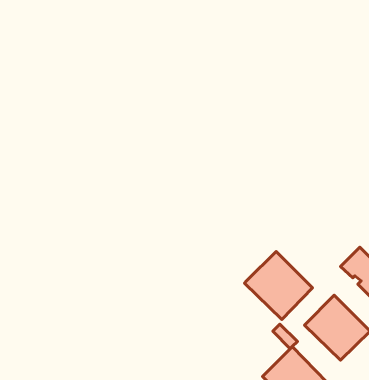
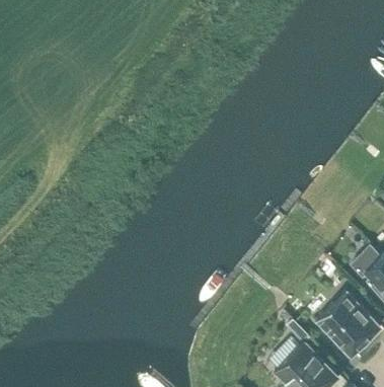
building: [244,251,312,319] -> none

